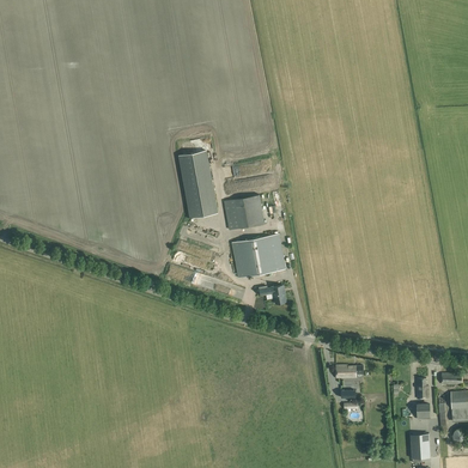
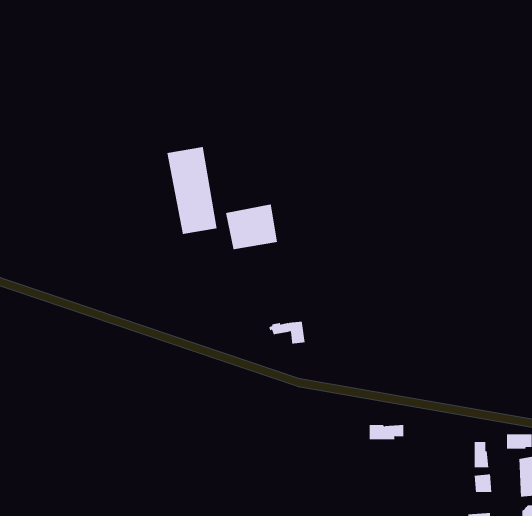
building: [232,233,286,278] -> none

